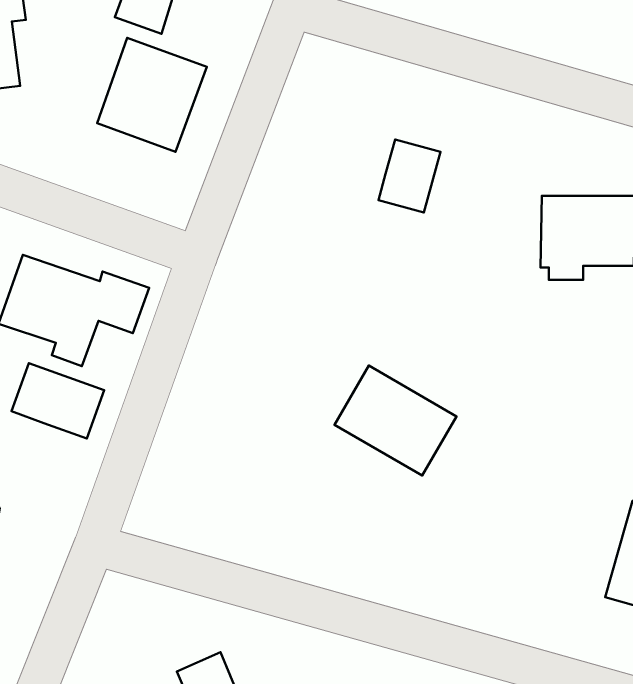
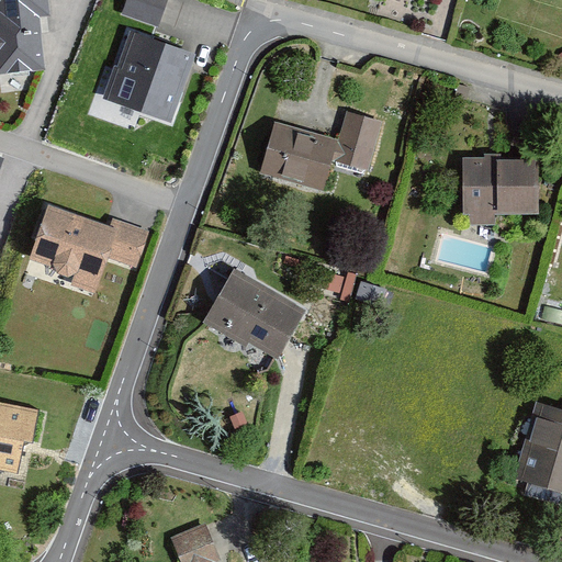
building: none -> [260,123,337,190]
building: [11,363,104,438] -> none
building: [334,366,457,476] -> [205,272,303,360]

